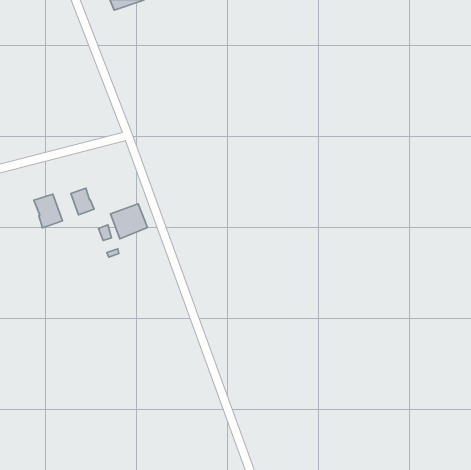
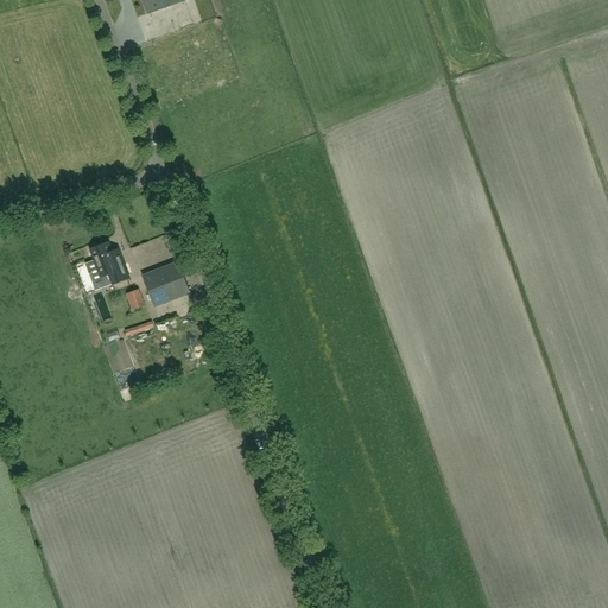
building: [34,194,62,228] -> none

